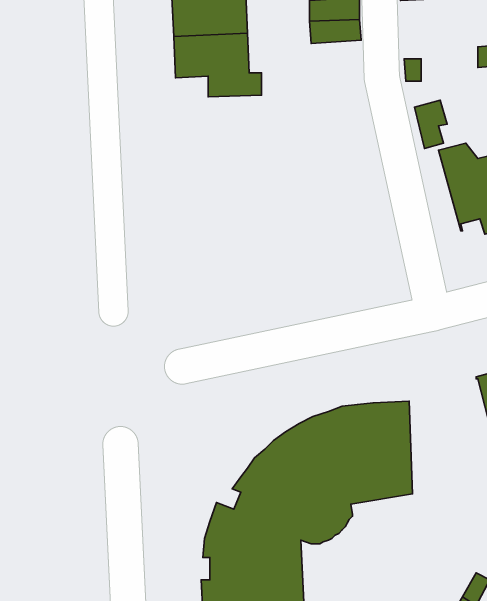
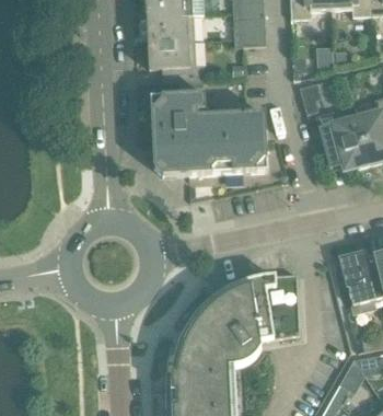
building: none -> [151,93,269,175]

